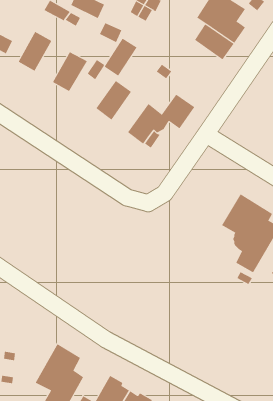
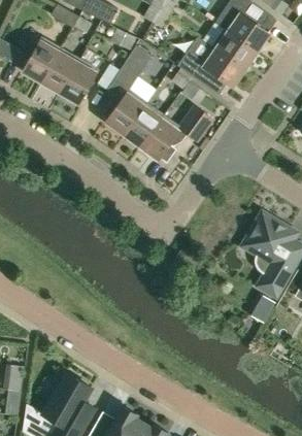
building: none -> [176,46,243,92]
building: none -> [41,47,78,92]
building: none -> [124,102,163,145]

